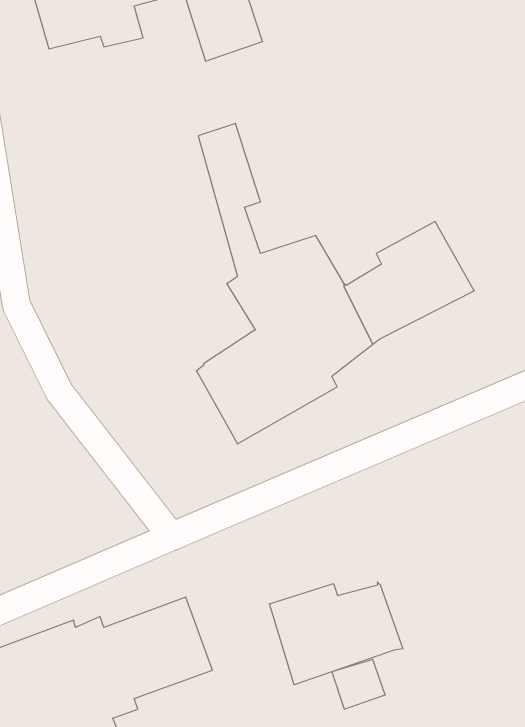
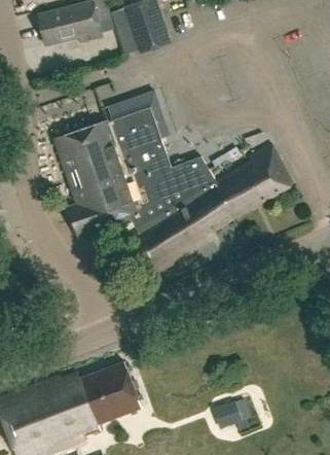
building: none -> [54,96,166,237]
building: [270,582,403,685] -> none

